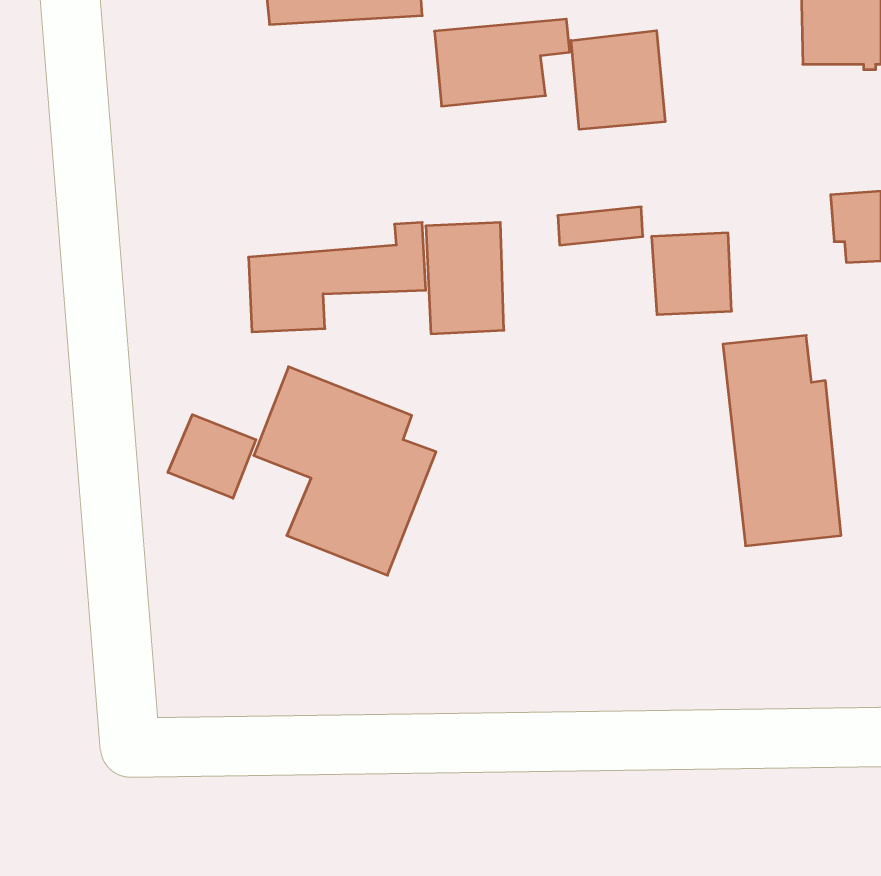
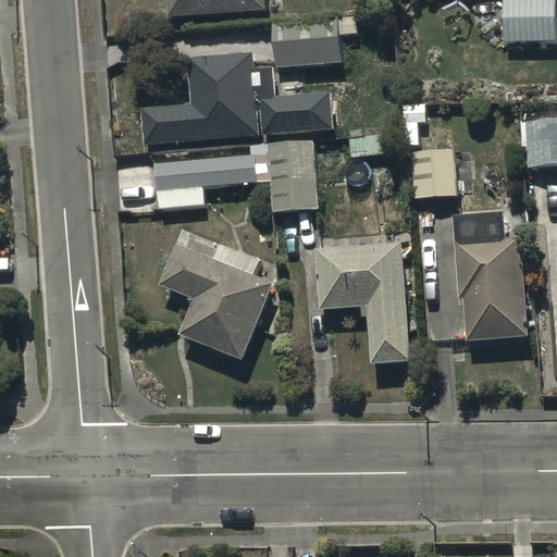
building: [571,31,665,129] -> none
building: none -> [141,52,333,145]
building: none -> [317,242,413,366]
building: [168,415,256,498] -> none

